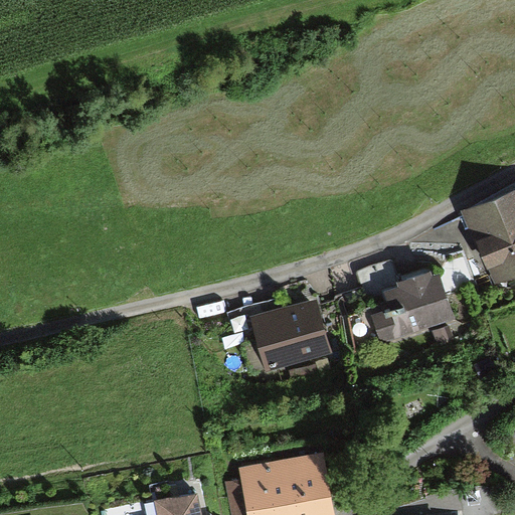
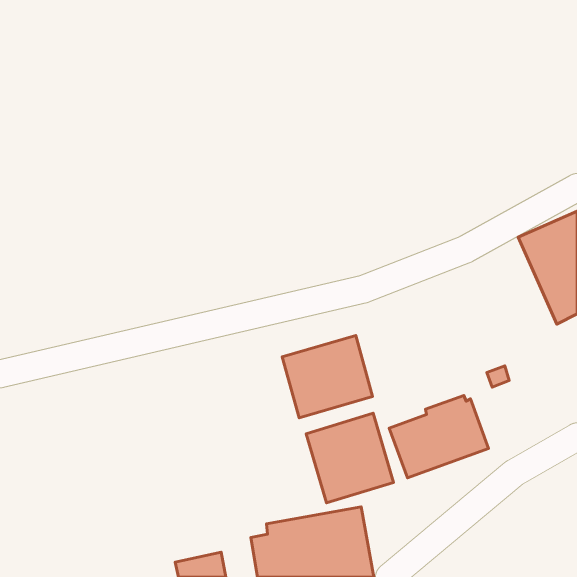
building: [365,270,454,343] -> [389,395,489,478]
building: none -> [306,413,393,503]

